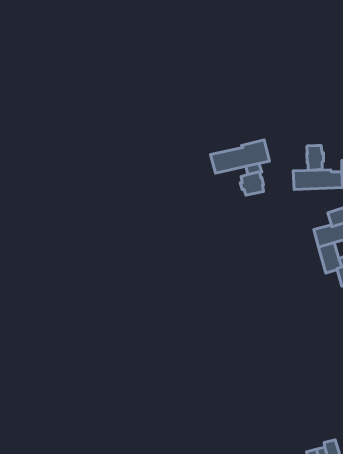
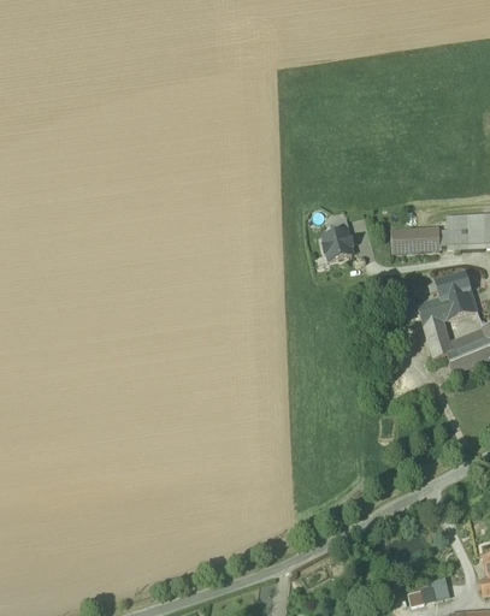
building: [210,140,269,173] -> none
building: [307,145,324,170] -> none

